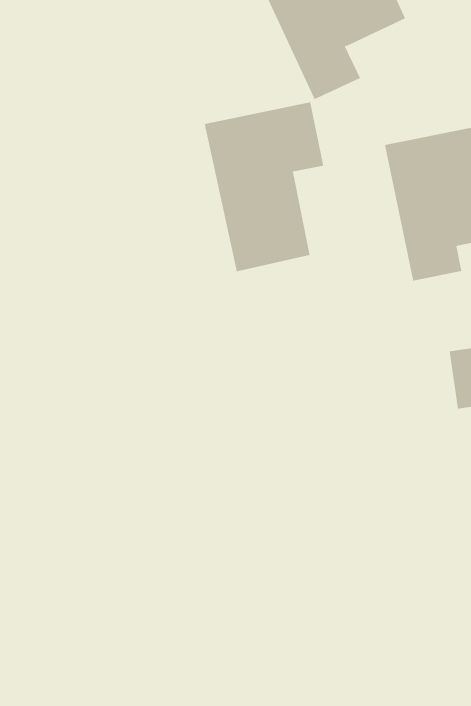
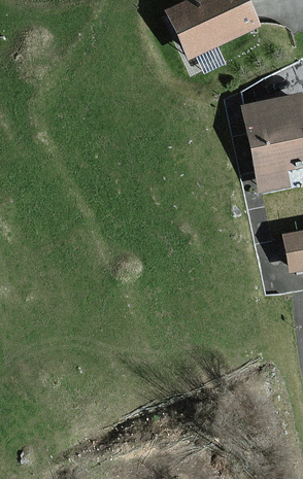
building: [204,102,324,272] -> none

